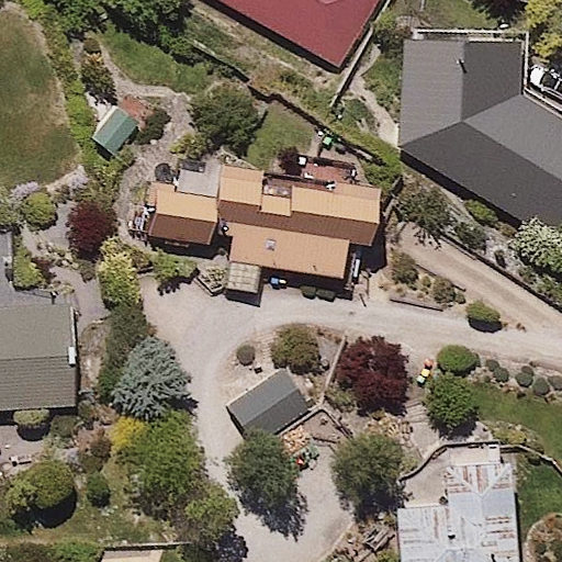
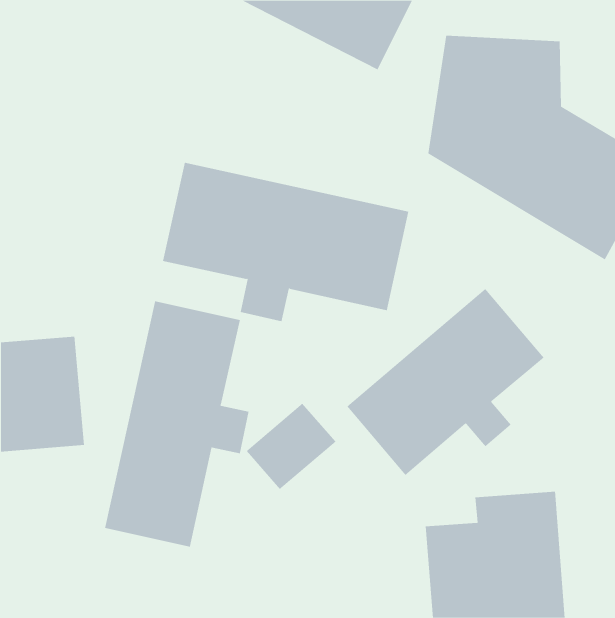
building: none -> [346,288,544,476]
building: none -> [105,301,249,547]

